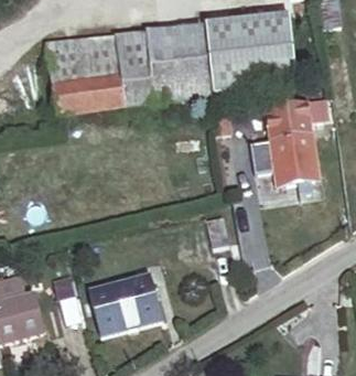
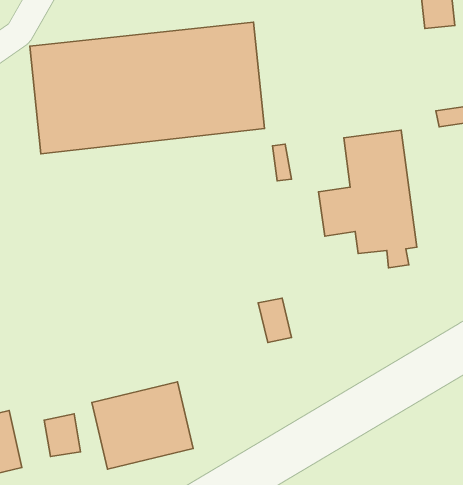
building: [207,14,298,94] -> none

